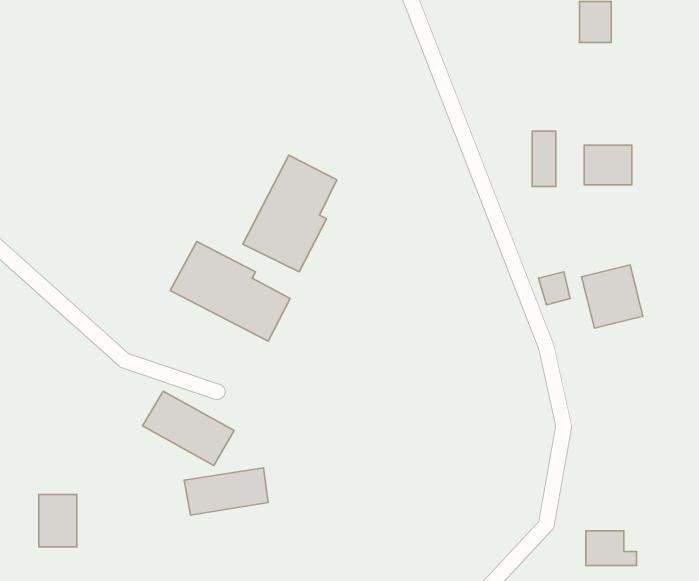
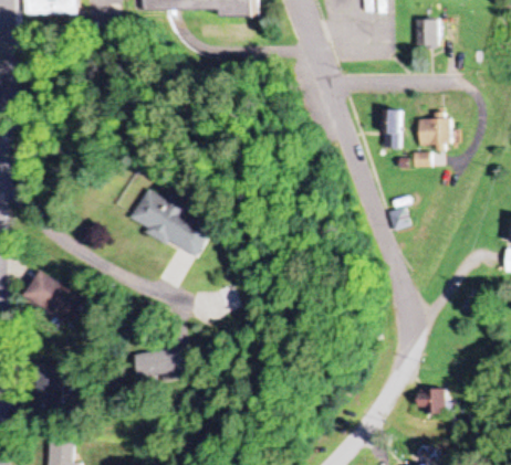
building: [243,155,337,272] -> none
building: [582,265,643,328] -> none
building: [143,391,234,465] -> [27,272,91,324]

